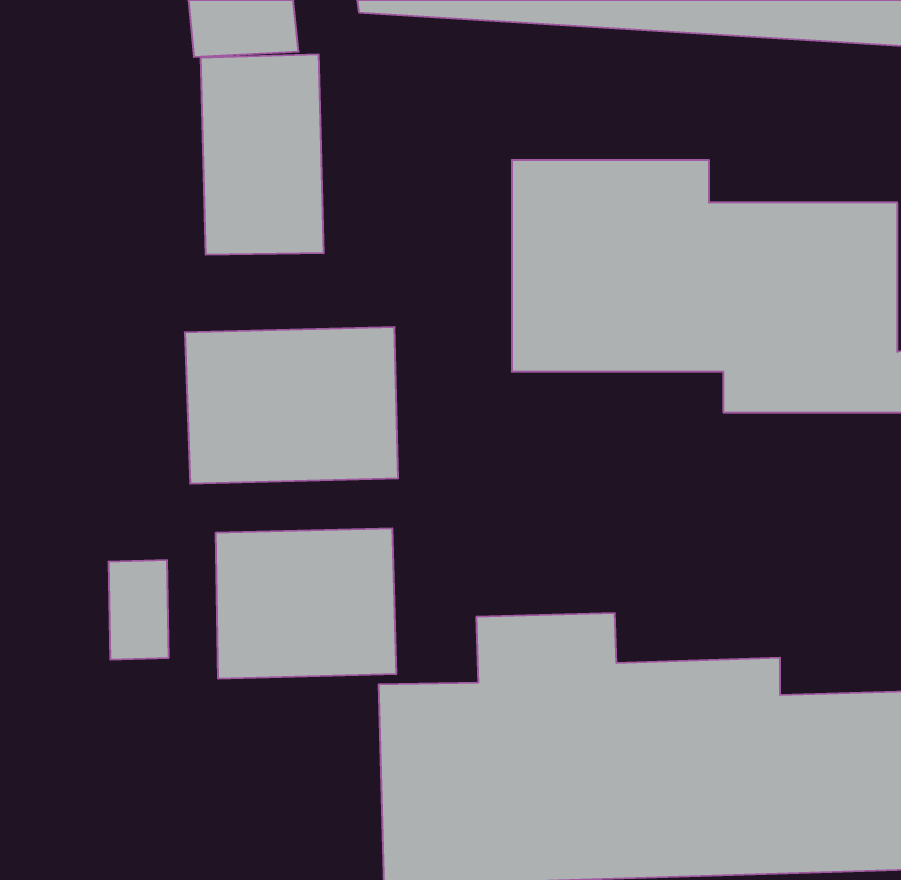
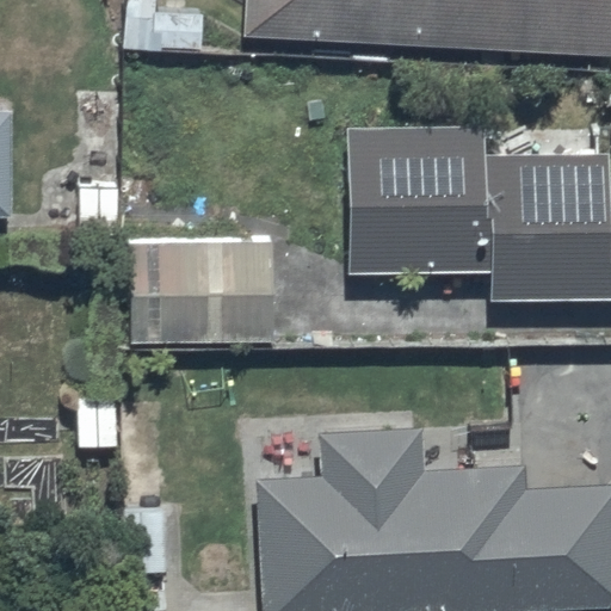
building: [201,54,324,255] -> none
building: [216,528,396,679] -> none

